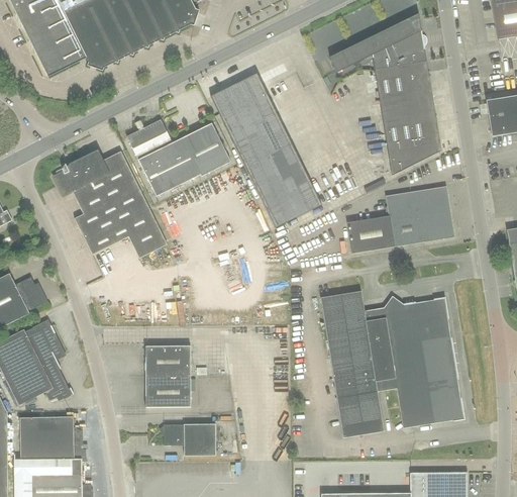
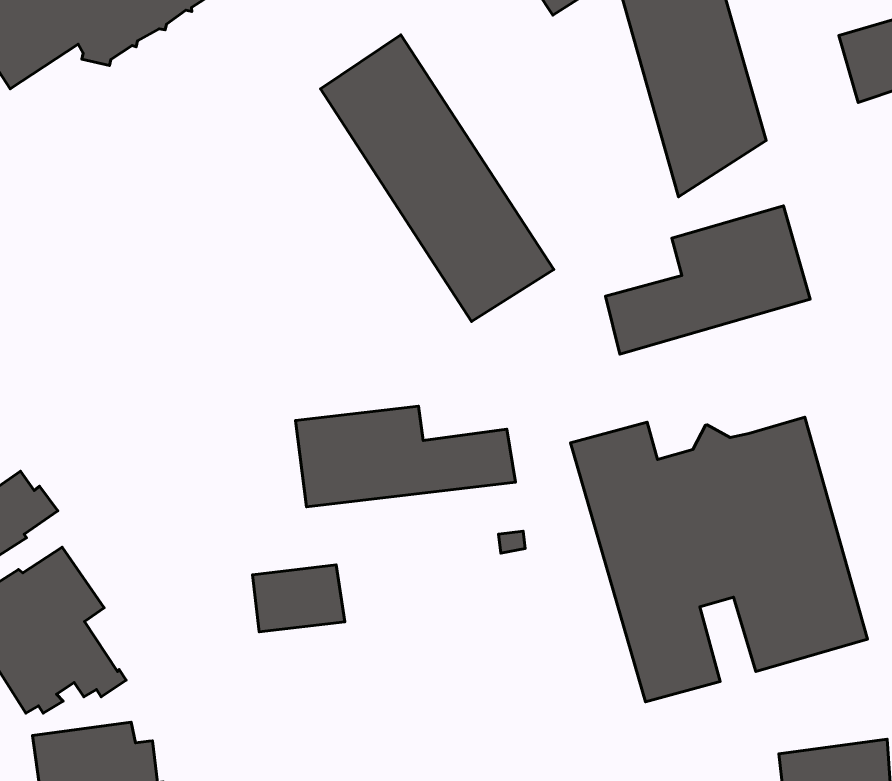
building: [127,119,230,195] -> none
building: [54,150,167,258] -> none
building: none -> [296,406,515,507]
building: [145,376,191,406] -> none
building: [164,423,216,455] -> none

